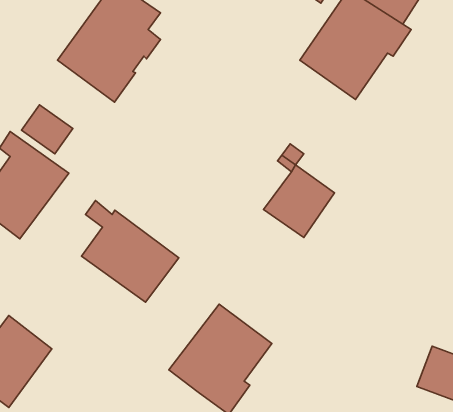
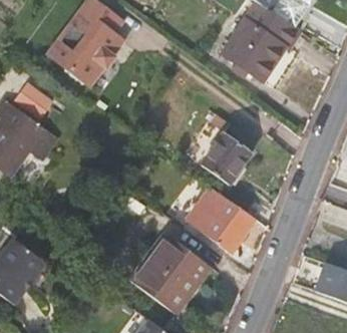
building: [81,201,179,302] -> [184,177,254,250]

